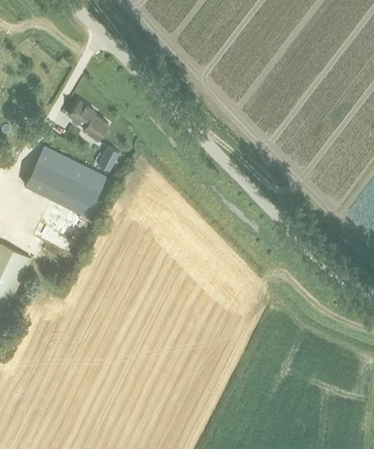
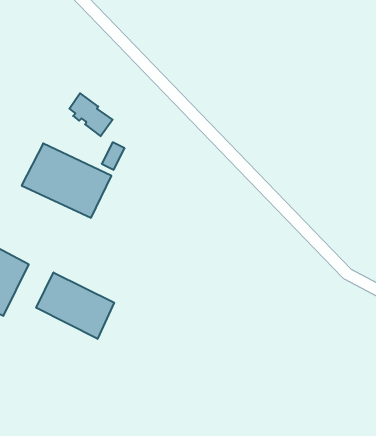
building: none -> [36,272,114,339]

